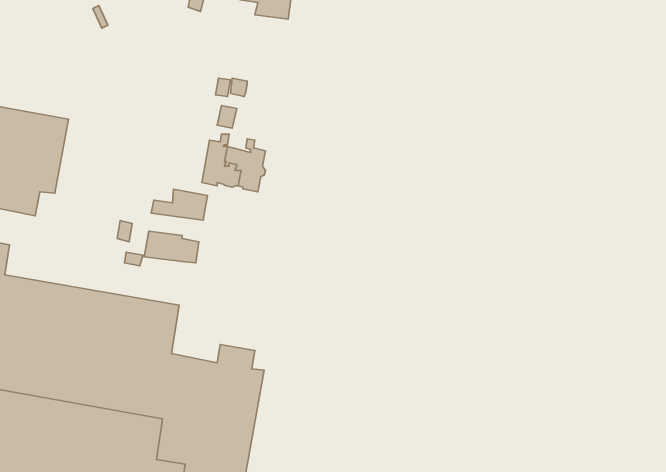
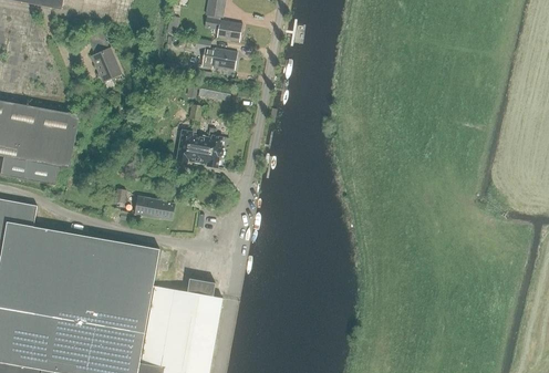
building: none -> [194,38,237,70]
building: none -> [92,48,120,80]
building: [151,189,208,220] -> none

